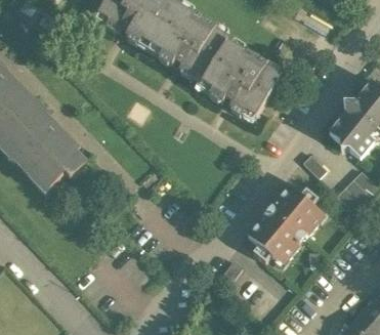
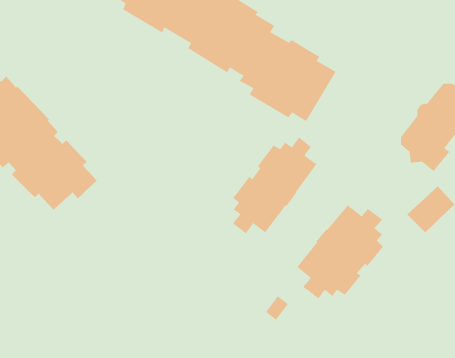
building: none -> [232,137,317,234]

